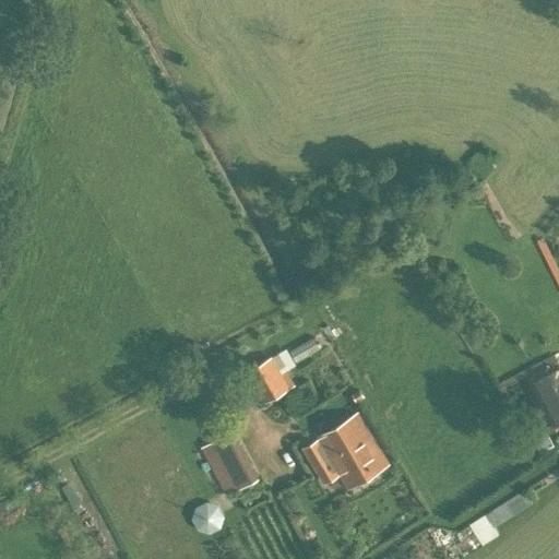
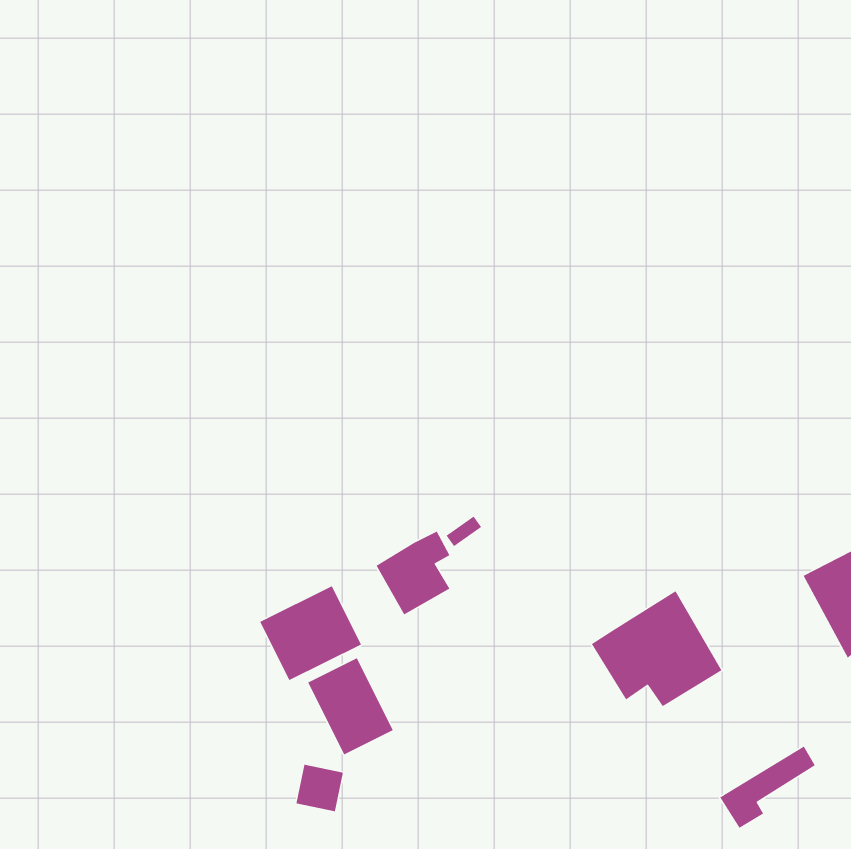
building: none -> [259,585,362,681]
building: [302,414,389,490] -> [591,590,723,707]

